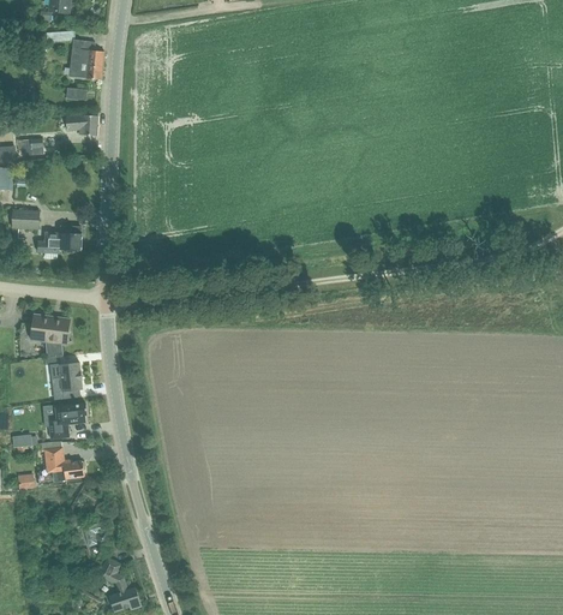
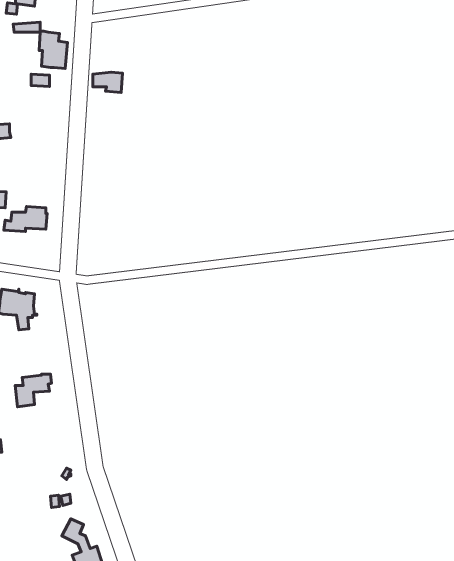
building: [66,114,97,136] -> [93,72,122,92]
building: [50,362,82,399] -> none
building: [41,441,84,480] -> none

